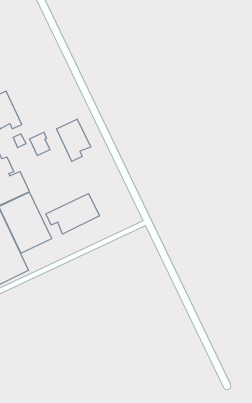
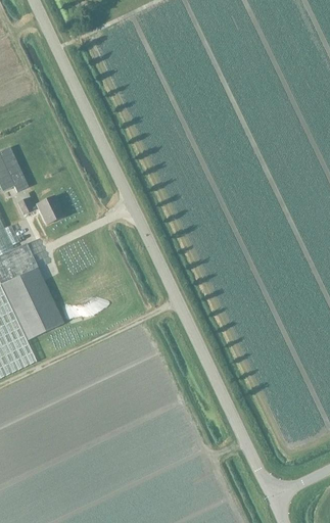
building: [57,119,91,161] -> none
building: [46,194,99,234] -> none

